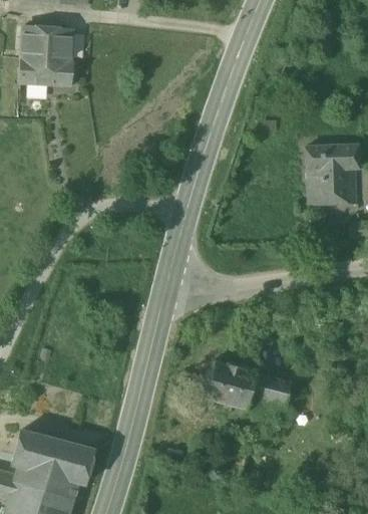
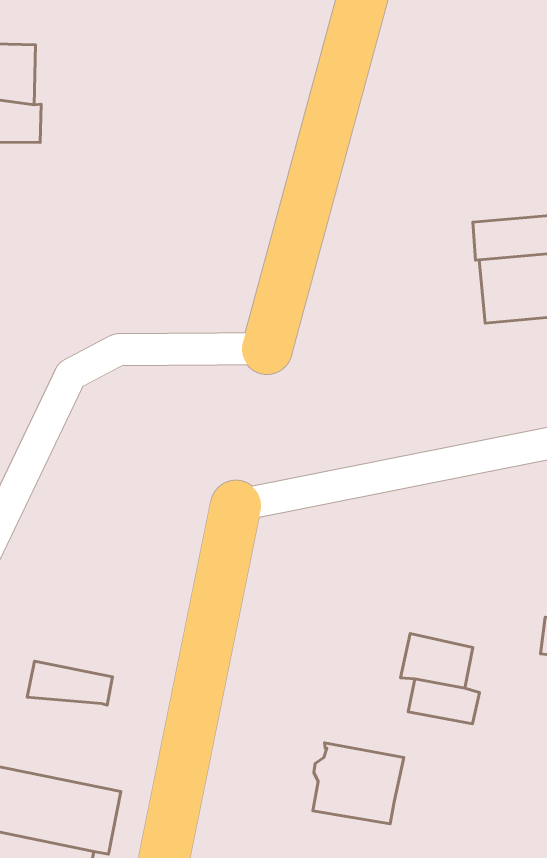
building: [207,360,259,408] -> [313,743,404,824]
building: none -> [27,661,112,705]

